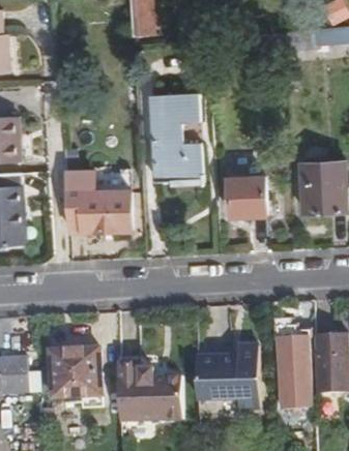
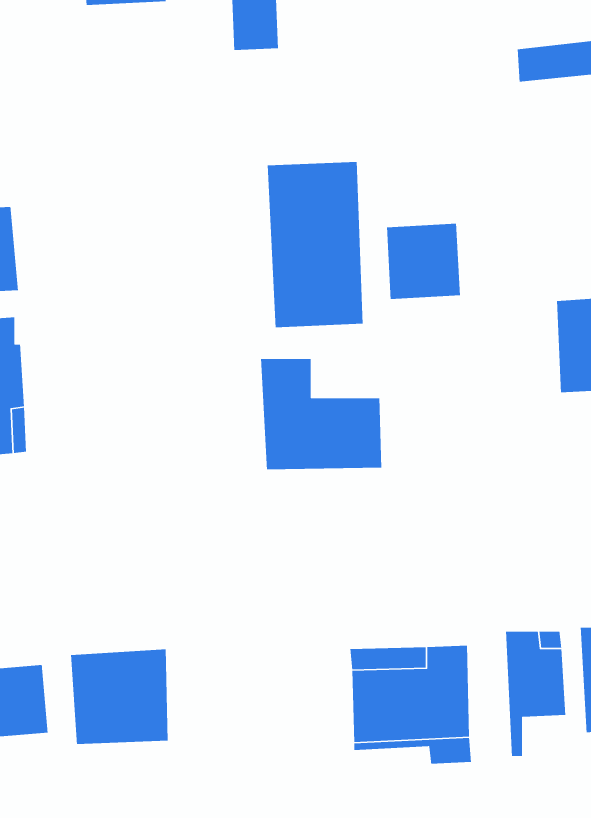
building: [65,173,129,232] -> [260,358,382,470]
building: [229,176,268,216] -> [386,223,461,300]
building: [118,364,182,421] -> none

